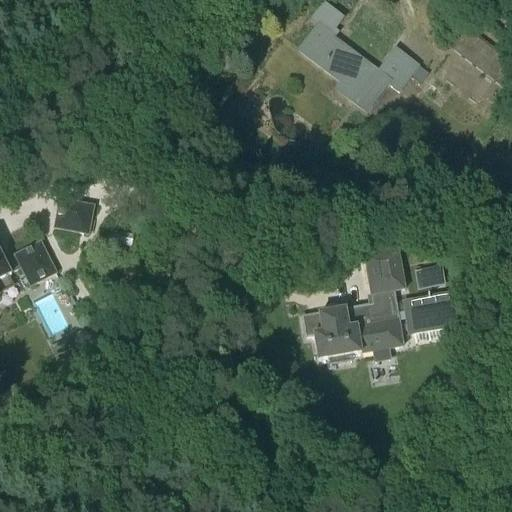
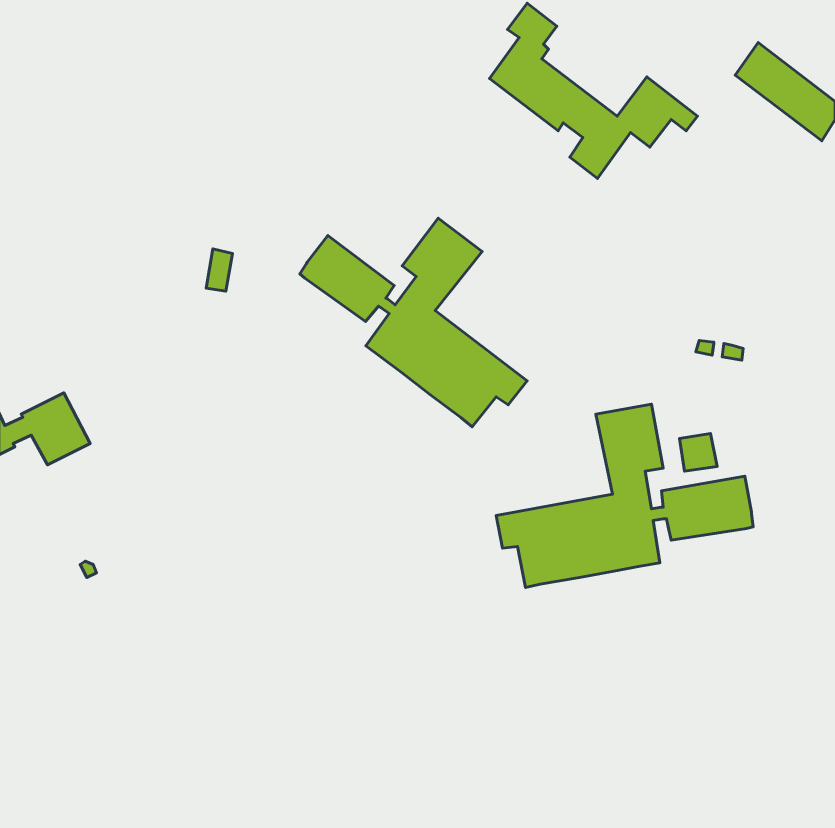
building: none -> [300,218,527,427]
building: [53,197,92,232] -> none

